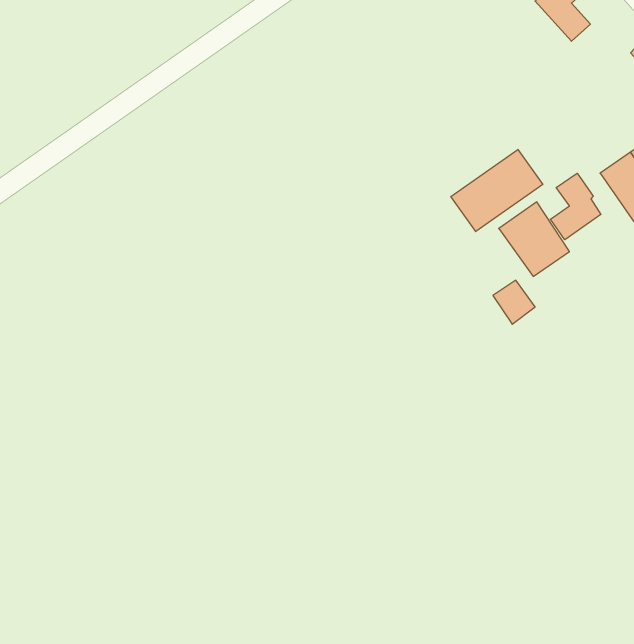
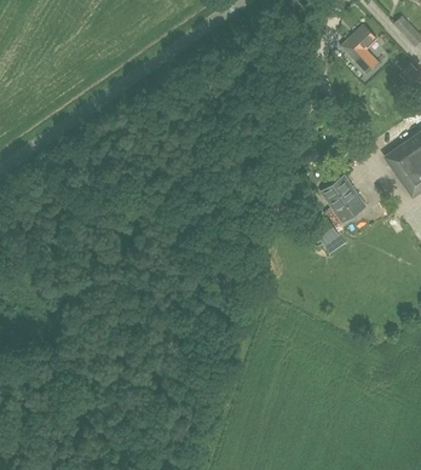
building: [451,149,543,232] -> none
building: [550,173,601,240] -> none

